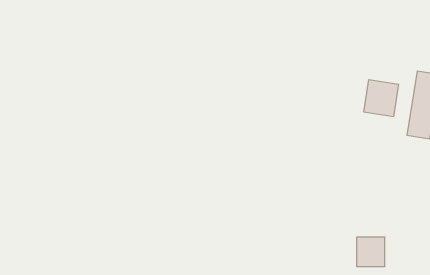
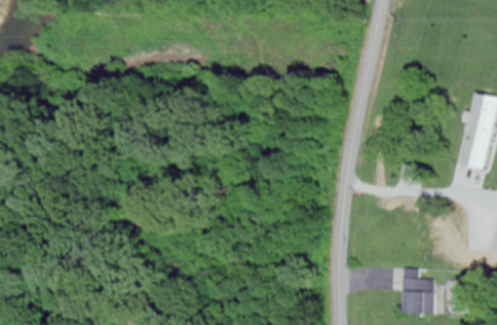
building: [364,80,399,117] -> none

